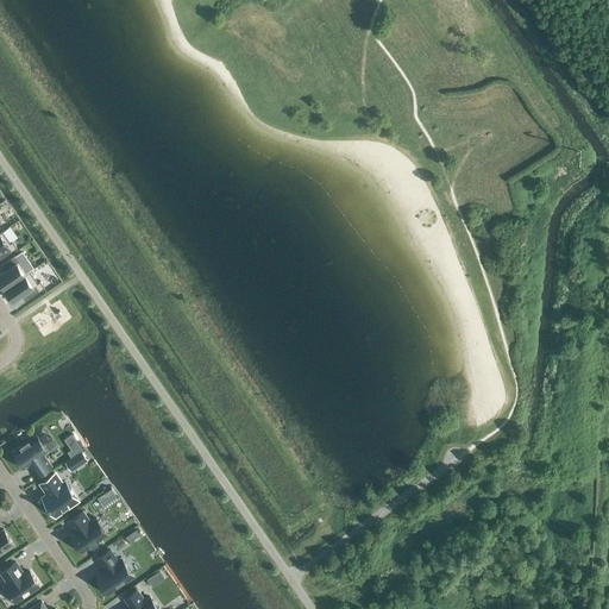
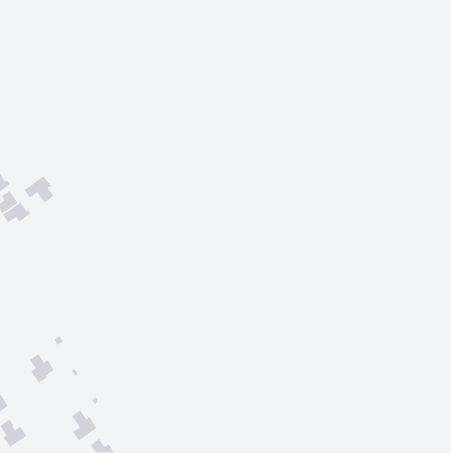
building: none -> [23,175,54,204]
building: [12,435,49,475] -> none
building: [67,510,105,551] -> none

